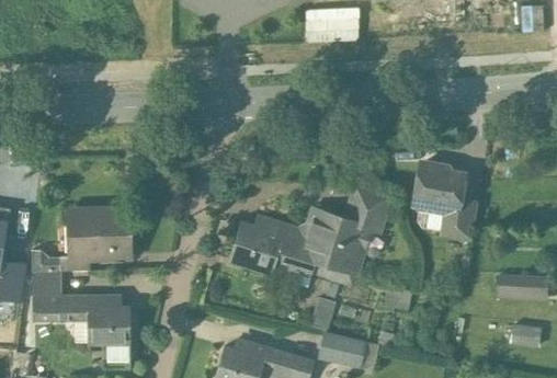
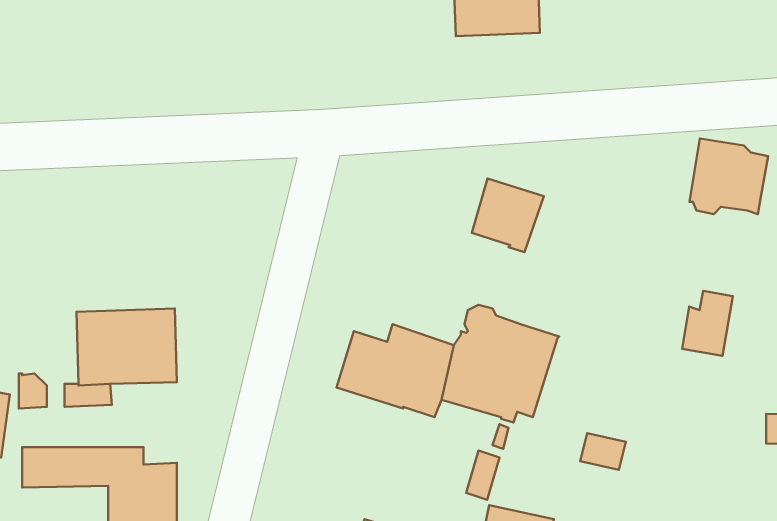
building: [414,163,464,210] -> [689,139,768,214]
building: [345,185,390,231] -> [472,179,544,252]
building: [33,272,61,296] -> none

